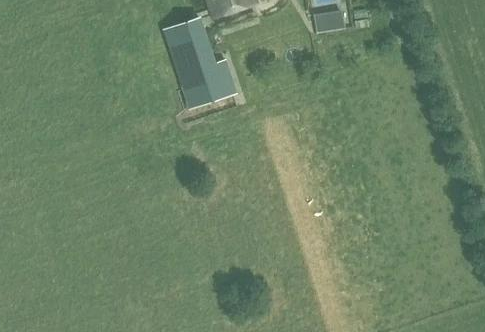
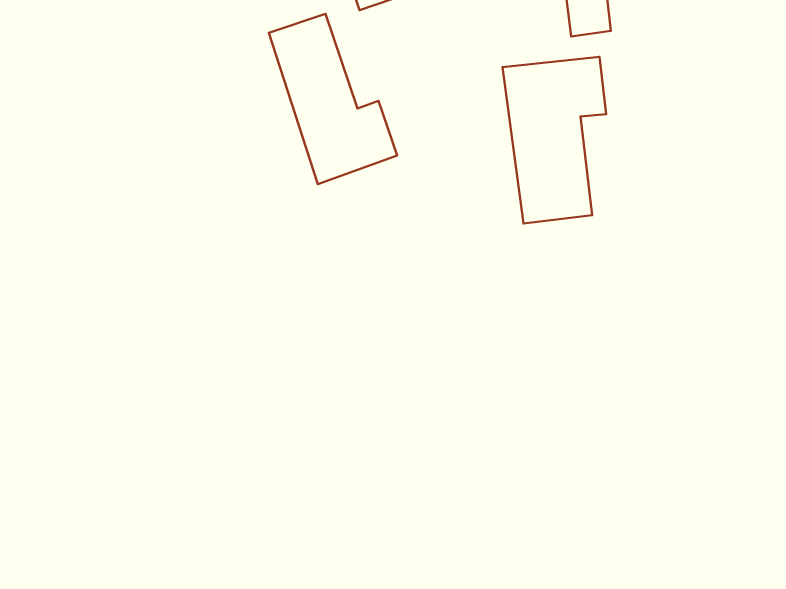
building: none -> [502,57,606,224]

